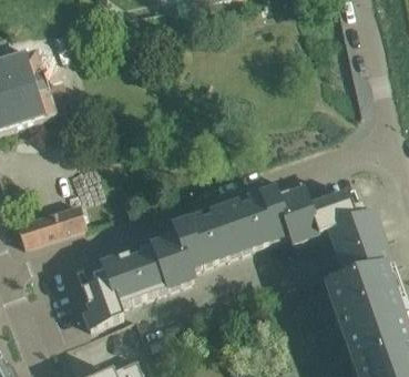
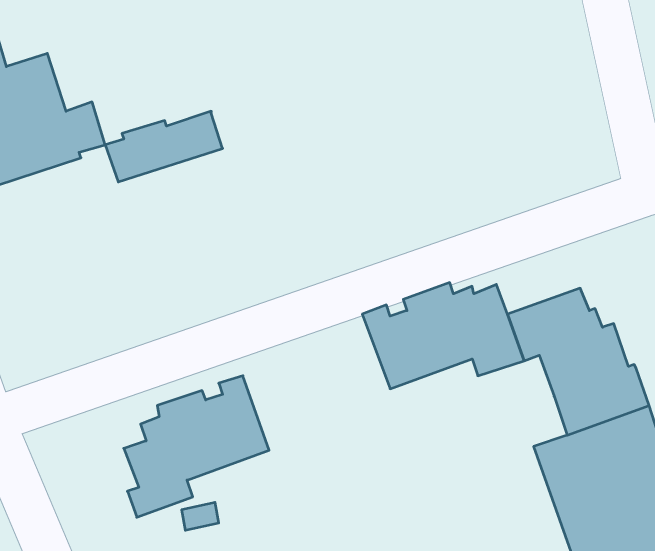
building: [16,204,85,246] -> [105,111,223,182]
building: [152,207,239,288] -> none

